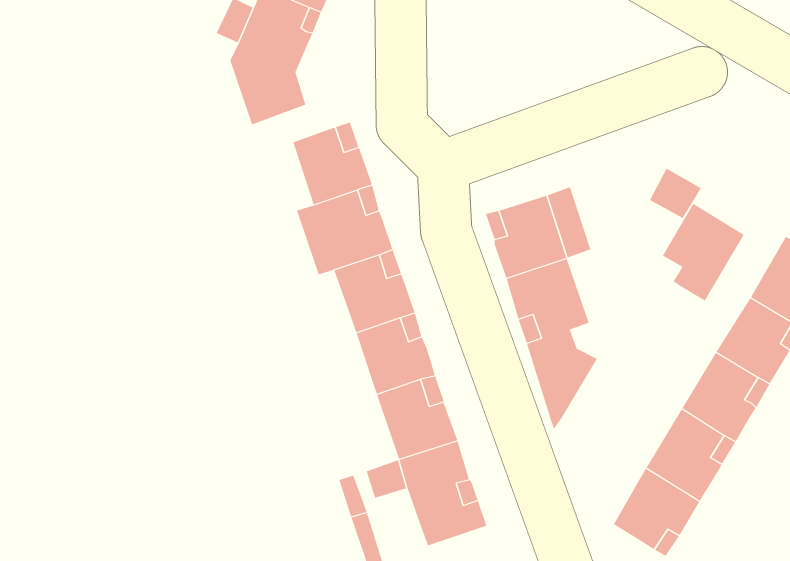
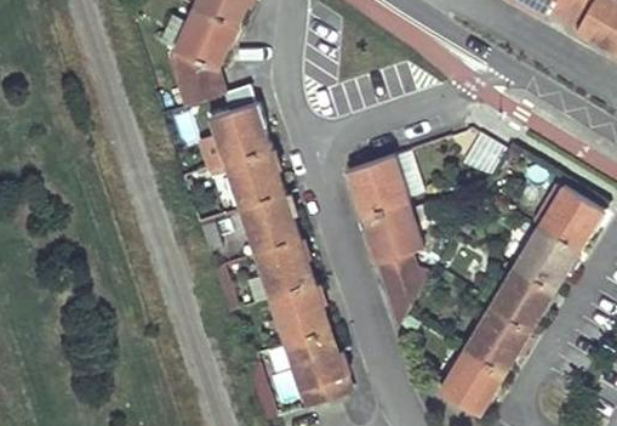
building: [662,203,745,301] -> none

